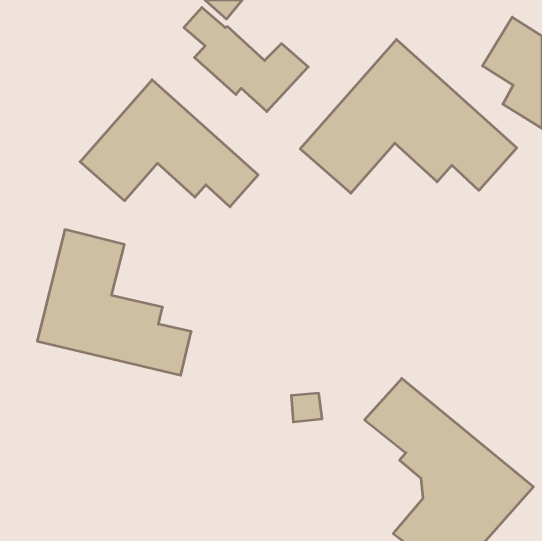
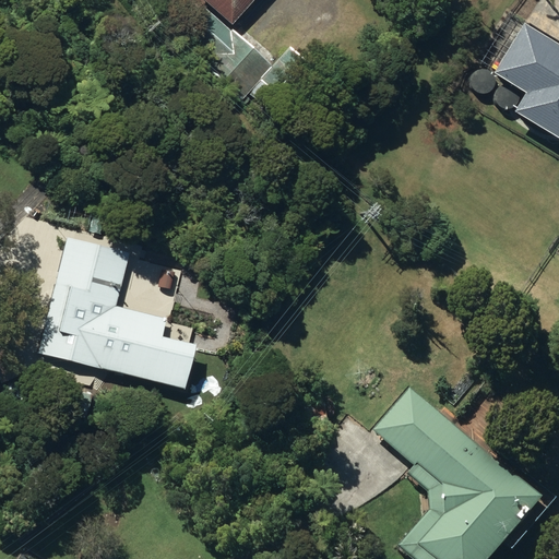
building: [300,39,517,193] -> none
building: [80,80,258,207] -> none

